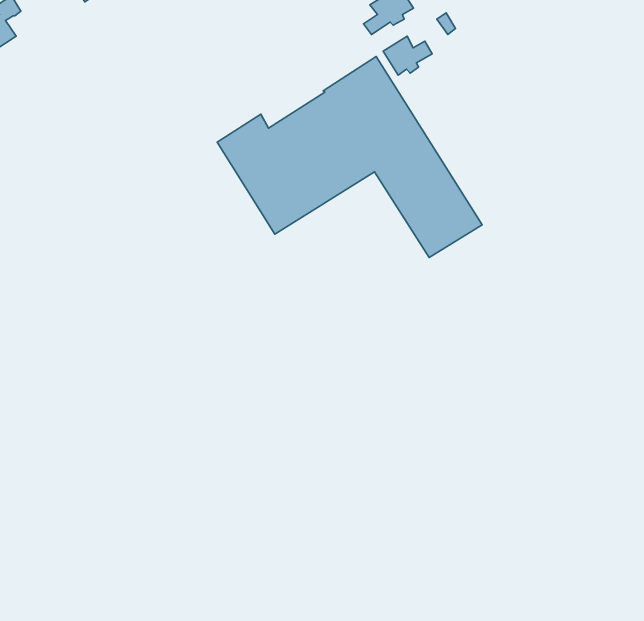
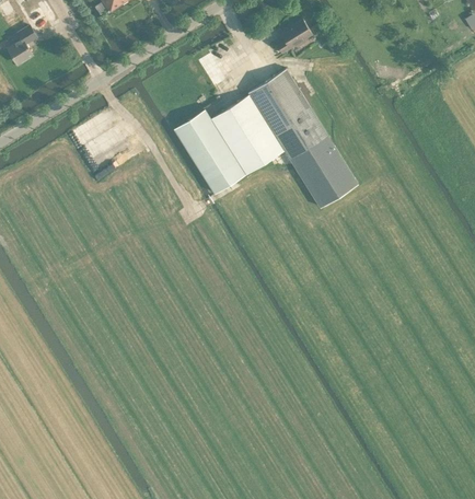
building: [383,36,432,75] -> none

